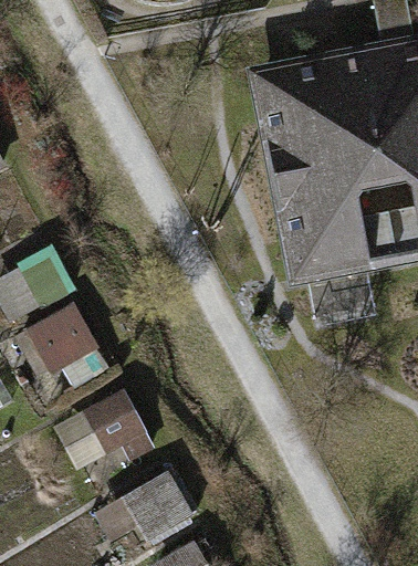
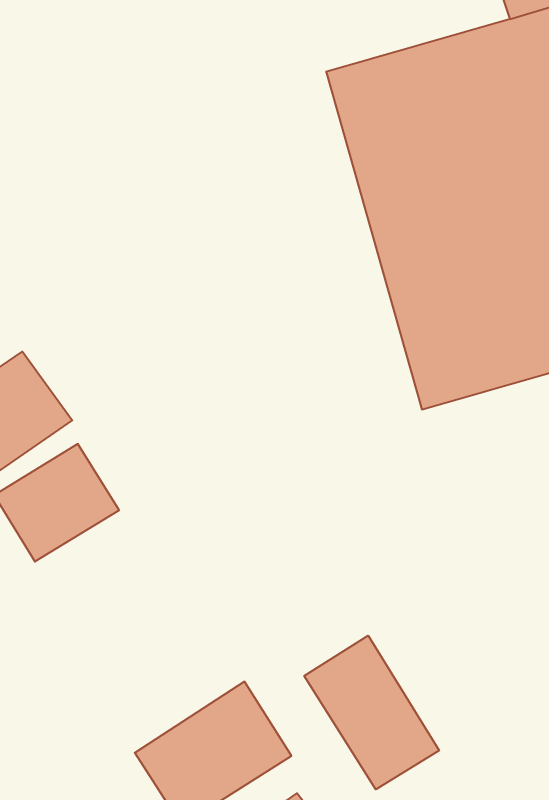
building: [51,386,150,475] -> none
building: none -> [304,636,439,789]

